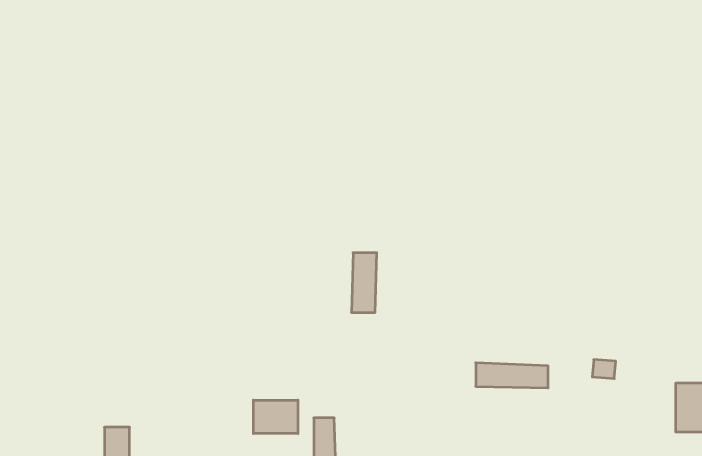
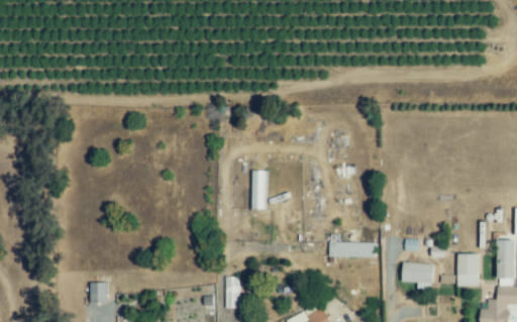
building: none -> [402,262,433,290]
building: [253,400,298,434] -> none

